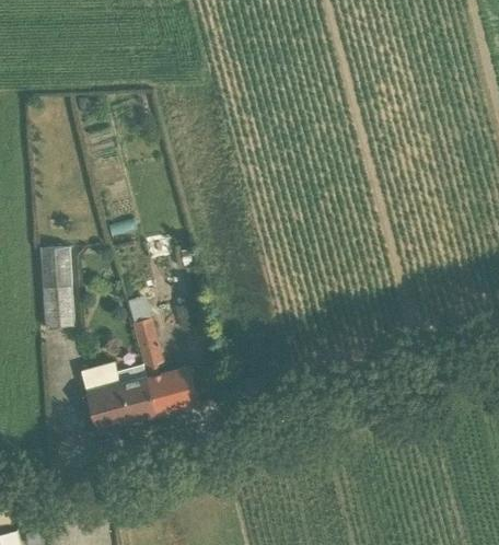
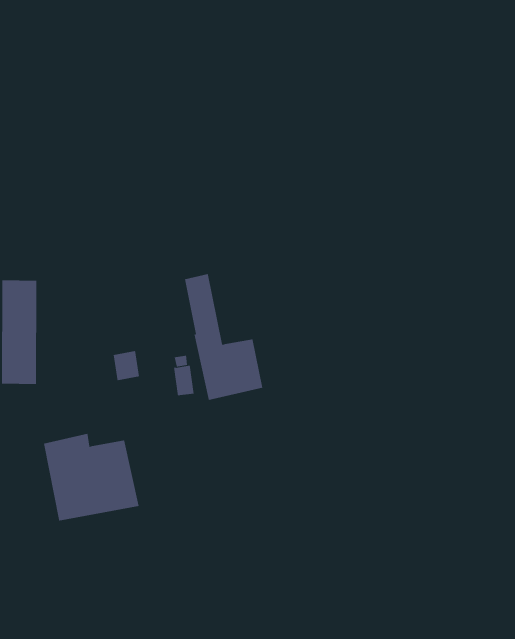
building: [132,318,198,416] -> [184,274,263,400]

